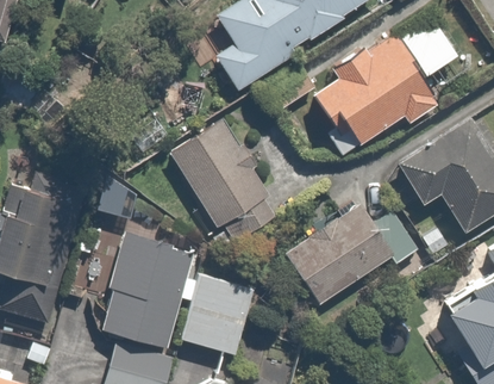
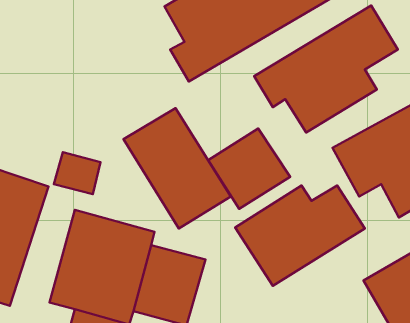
building: none -> [208,129,290,209]

